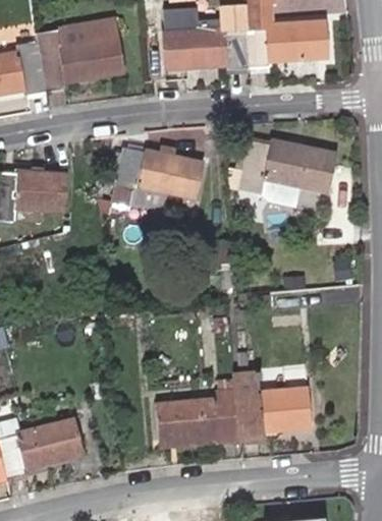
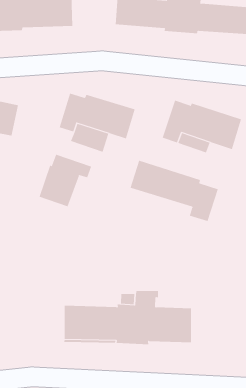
building: none -> [130,160,218,222]
building: none -> [39,154,92,207]

